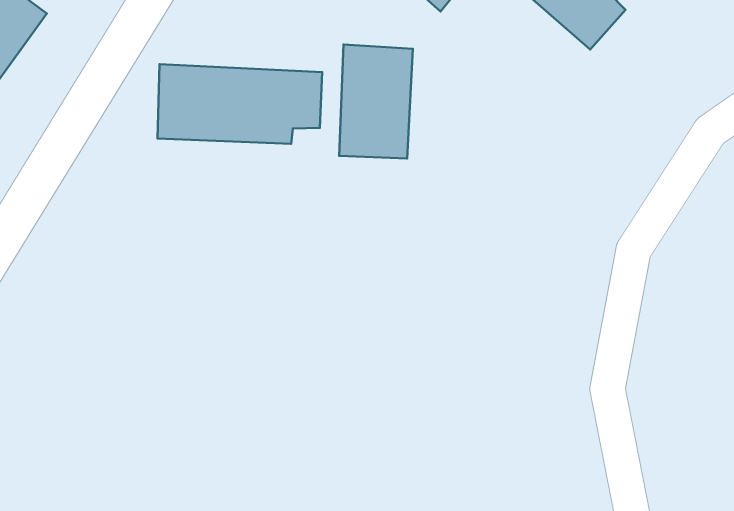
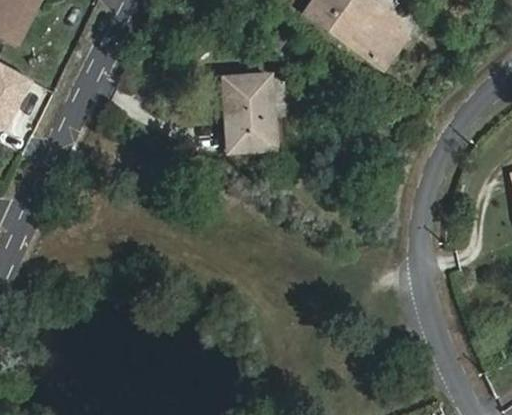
building: [157,64,322,144] -> none

